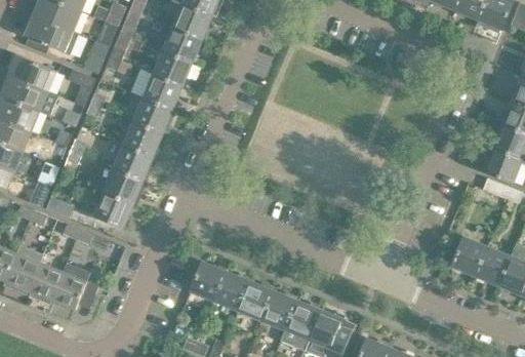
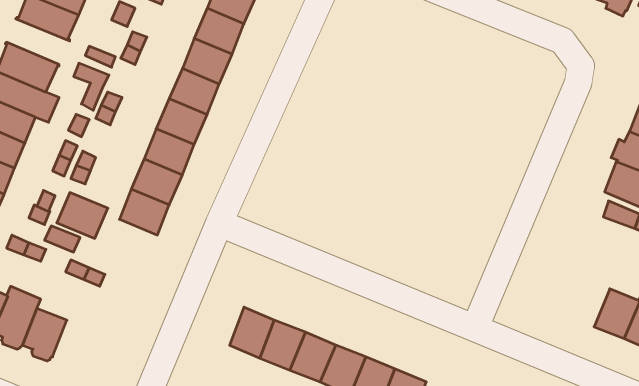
building: [93,192,133,228] -> [57,193,108,238]
building: [450,236,487,276] -> none
building: [51,267,97,309] -> none

